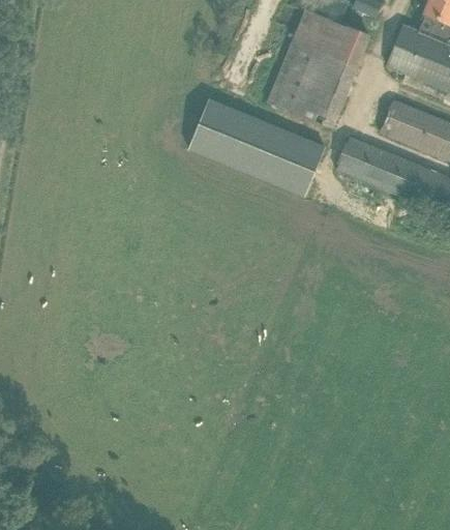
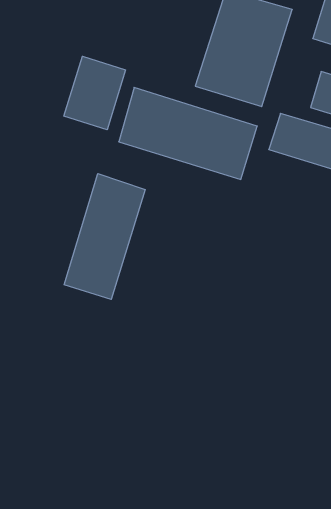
building: none -> [64,56,126,130]
building: none -> [64,174,145,299]

